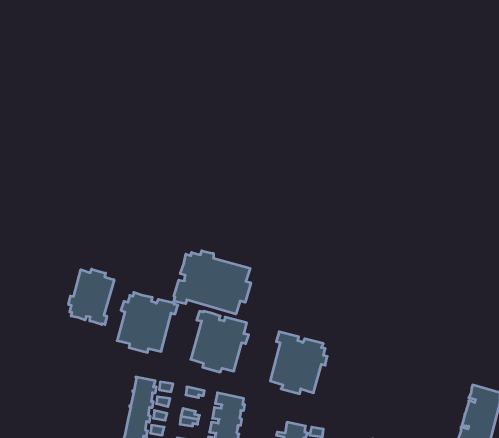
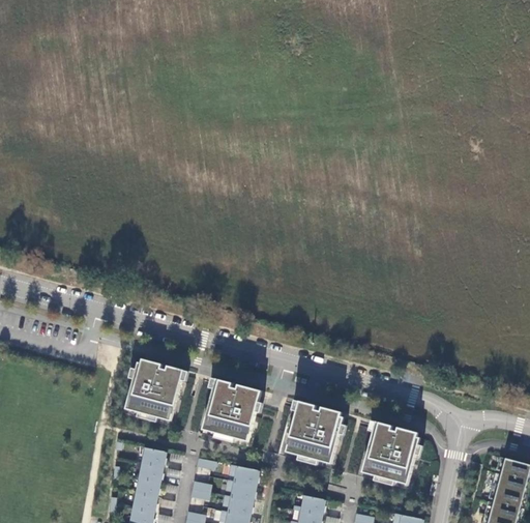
building: [174,251,251,314] -> none
building: [69,269,114,325] -> none
building: none -> [361,420,422,486]

